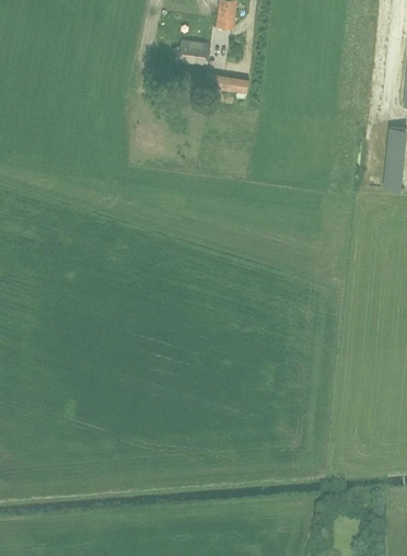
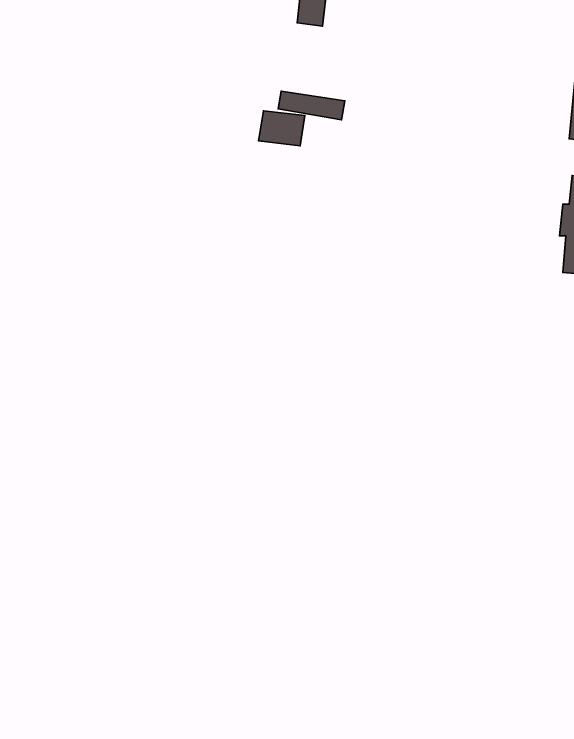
building: [170,40,201,65] -> [259,111,305,146]

